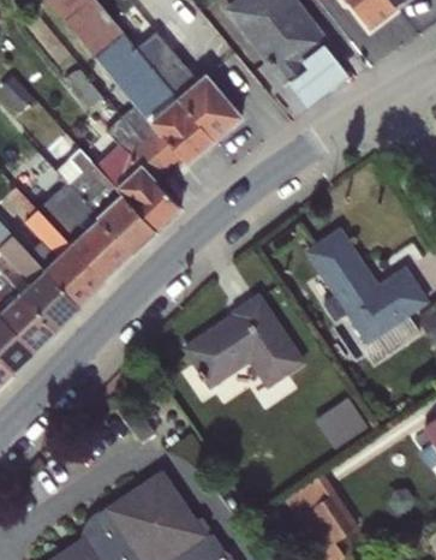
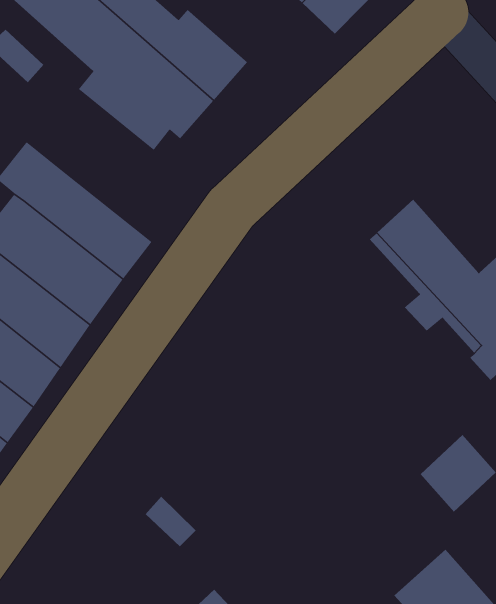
building: [101,118,180,231] -> none
building: [185,296,304,389] -> none

